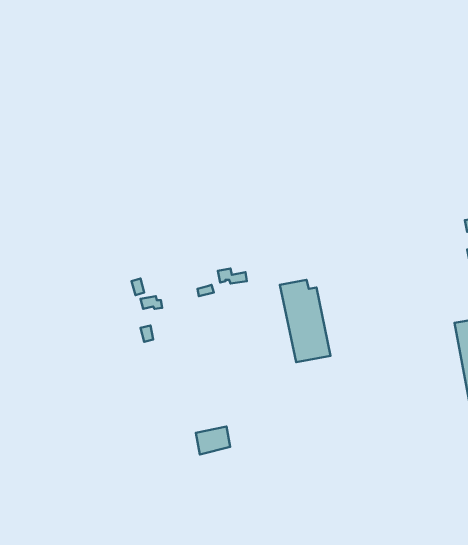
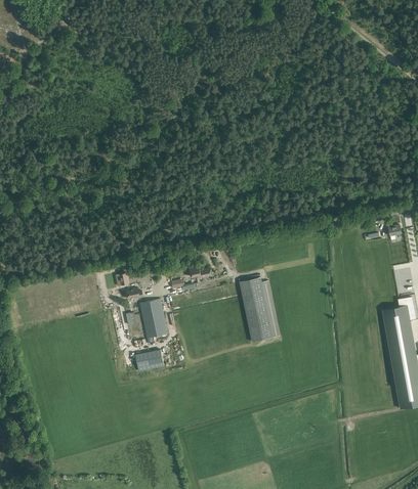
building: none -> [140,298,168,343]
building: [196,427,230,454] -> [136,349,164,371]

